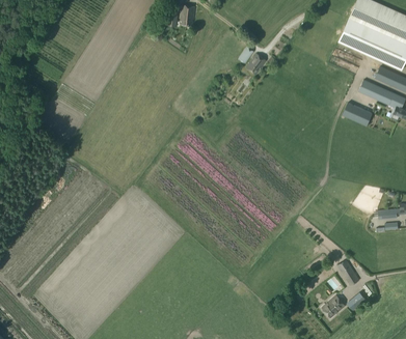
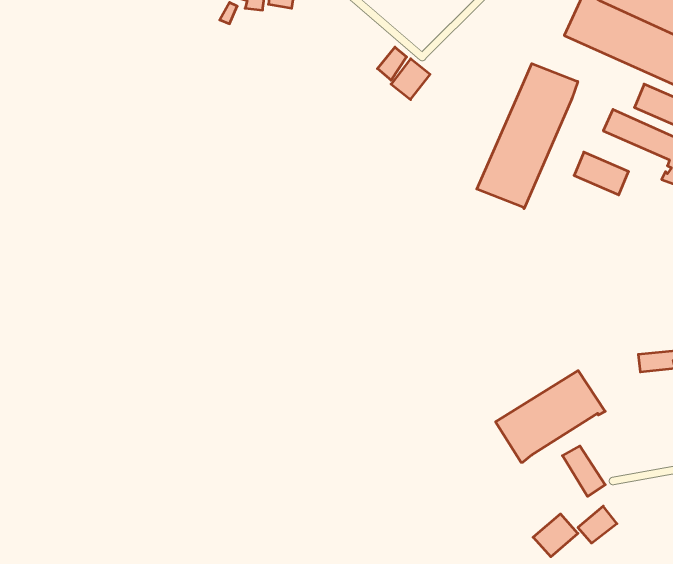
building: none -> [477,64,578,209]
building: none -> [496,371,605,462]

